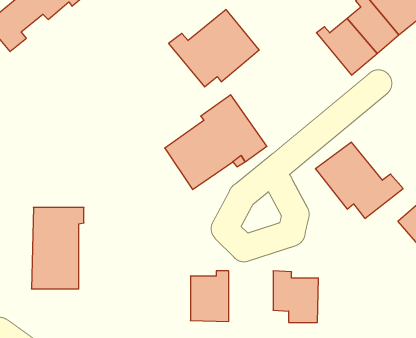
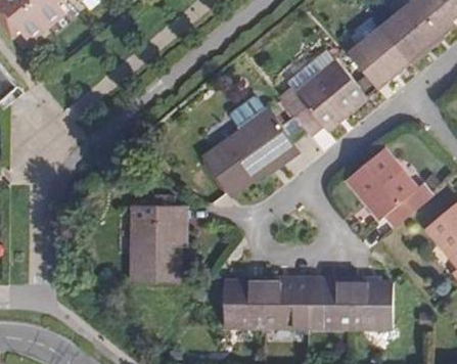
building: [169,10,259,87] -> [271,58,361,135]
building: [31,207,84,289] -> [128,202,180,283]
building: none -> [259,276,303,326]
building: none -> [347,277,391,327]

